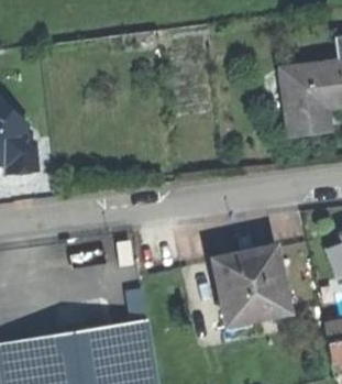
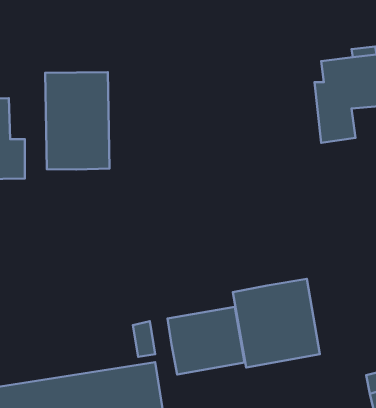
building: none -> [45,72,110,169]
building: none -> [168,307,245,374]

